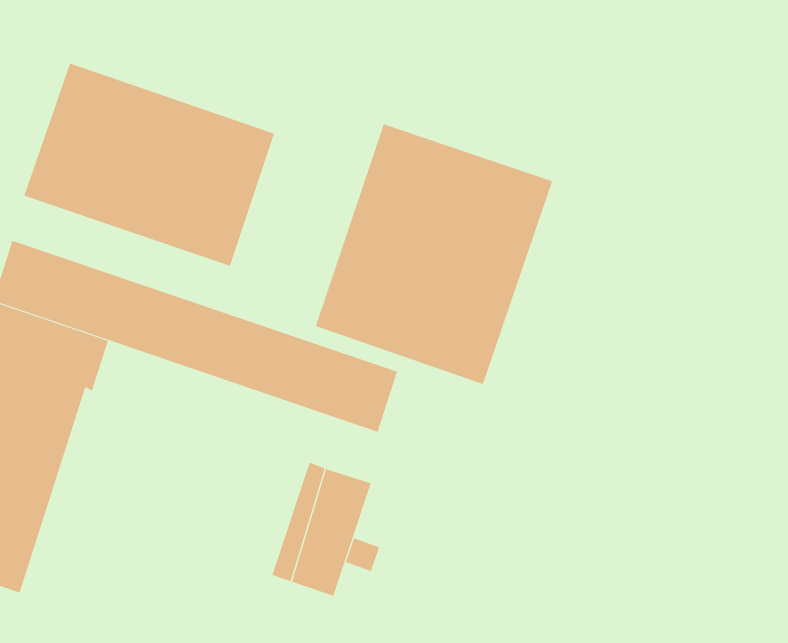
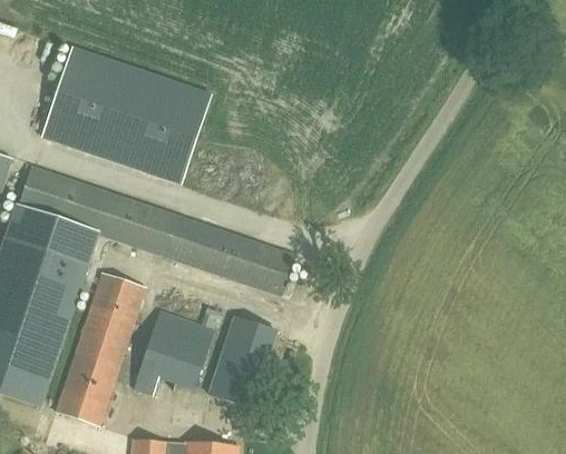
building: [315,124,553,385] -> none
building: none -> [57,273,145,426]
building: none -> [135,310,214,394]

